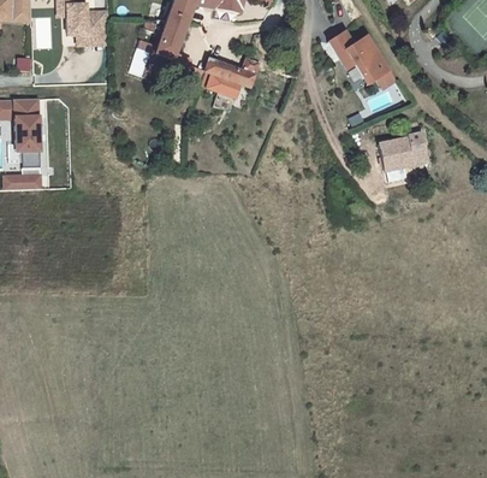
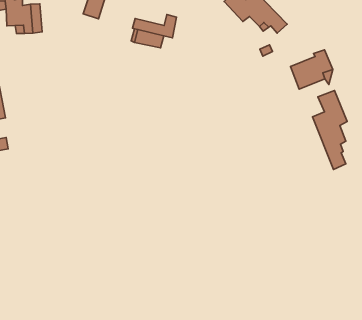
building: none -> [313,90,347,169]

